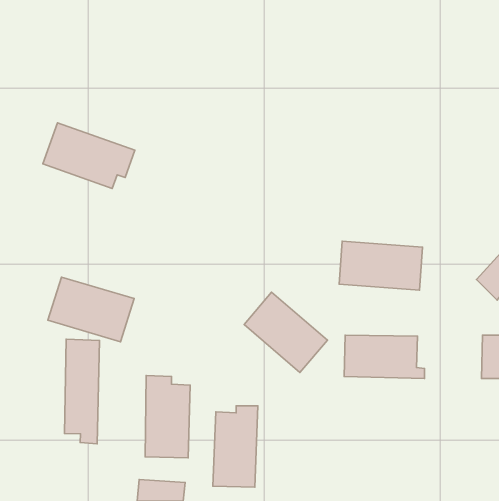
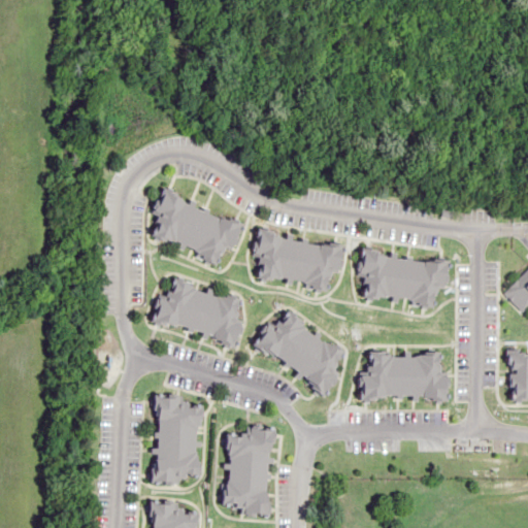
building: [43,123,135,188] -> [147,192,244,261]
building: none -> [251,229,343,293]
building: [48,277,134,342] -> [157,277,248,345]
building: [64,339,100,444] -> none

